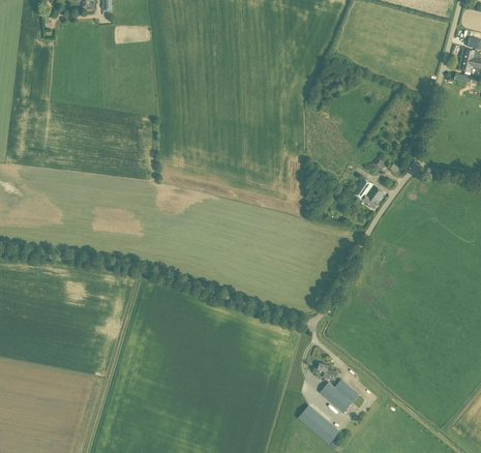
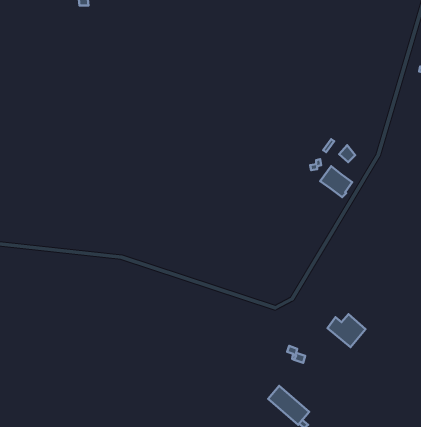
building: [319,379,358,413] -> [328,314,365,347]

